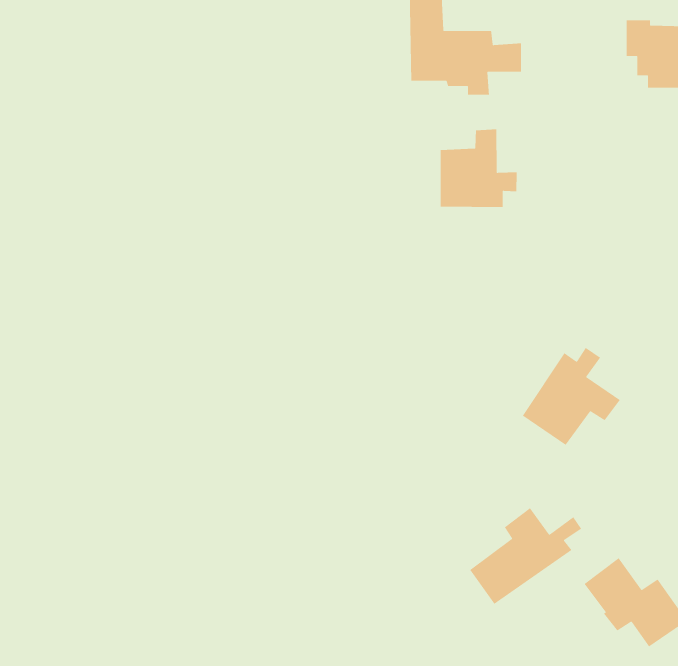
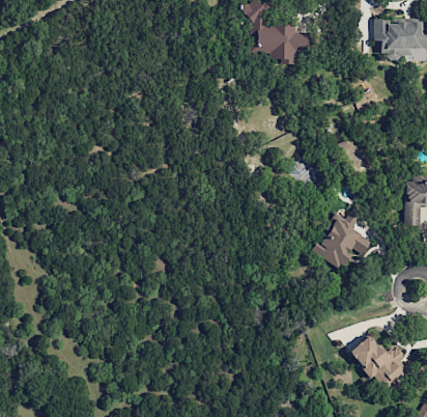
building: [440,128,517,208] -> none
building: [469,507,582,605] -> none

